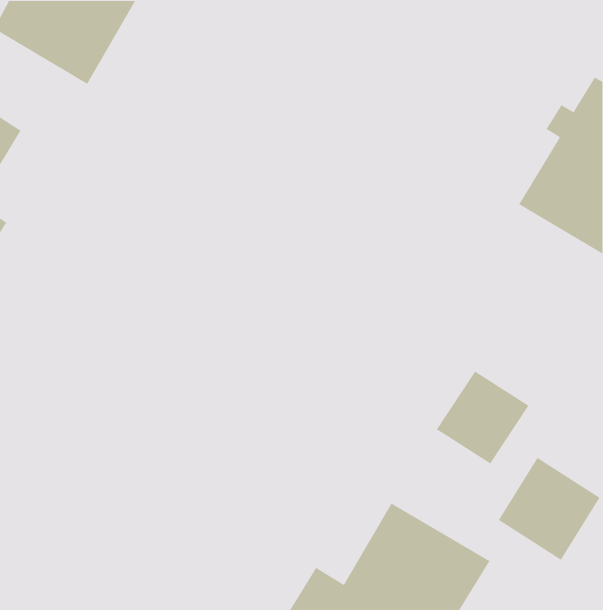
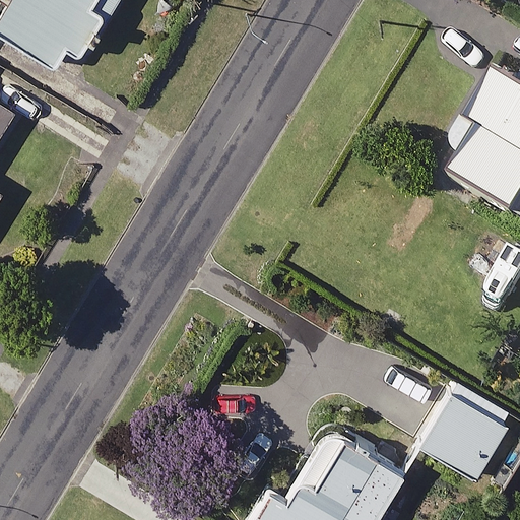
building: [436,370,529,465] -> none

